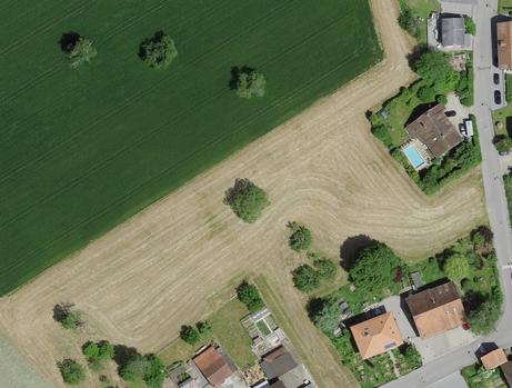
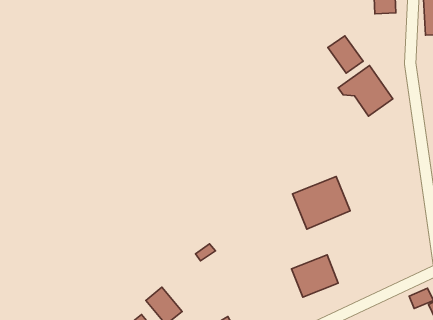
building: none -> [328,36,363,73]
building: [405,281,469,339] -> [293,177,350,229]
building: [261,346,294,377] -> none

